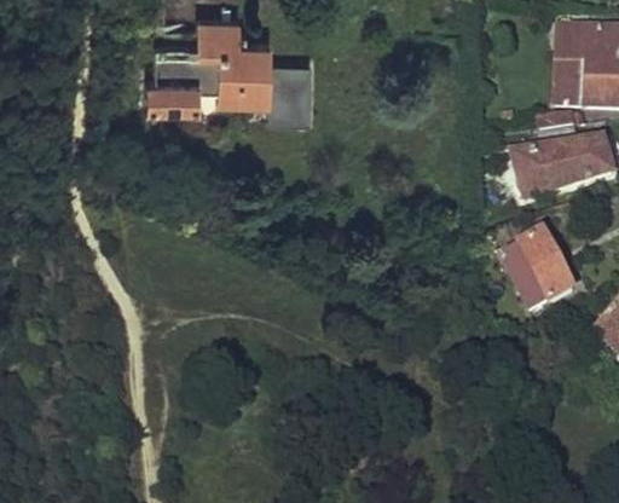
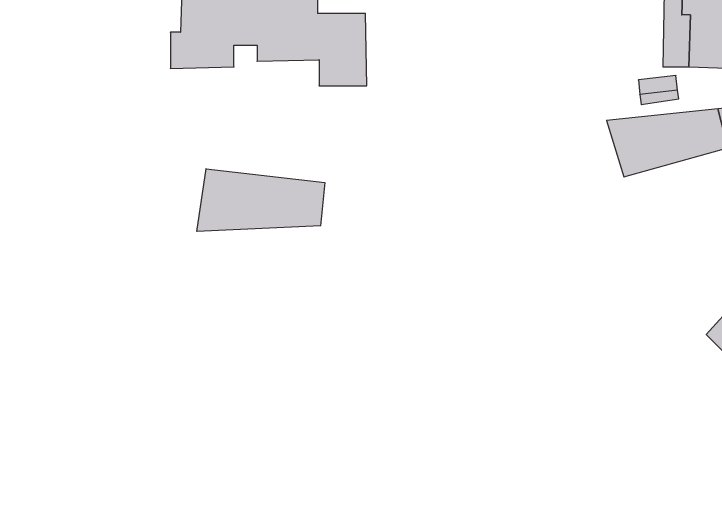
building: none -> [197,169,325,231]
building: [502,229,574,308] -> none

